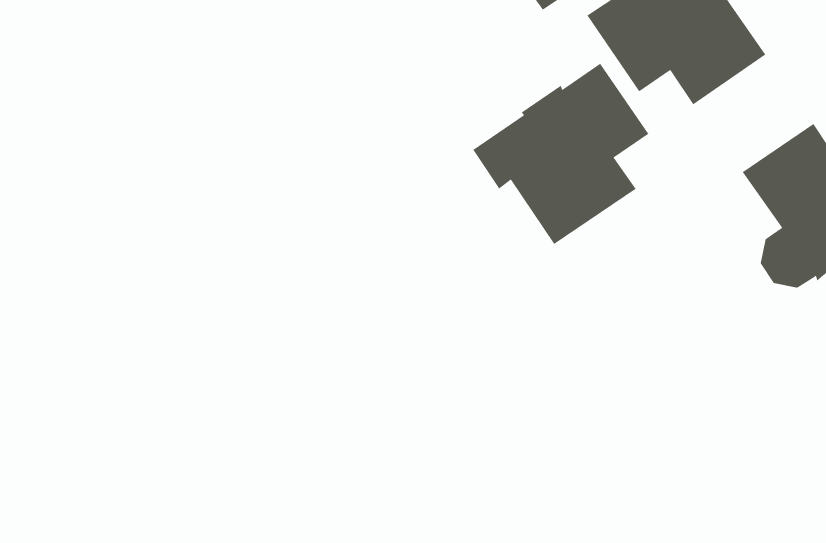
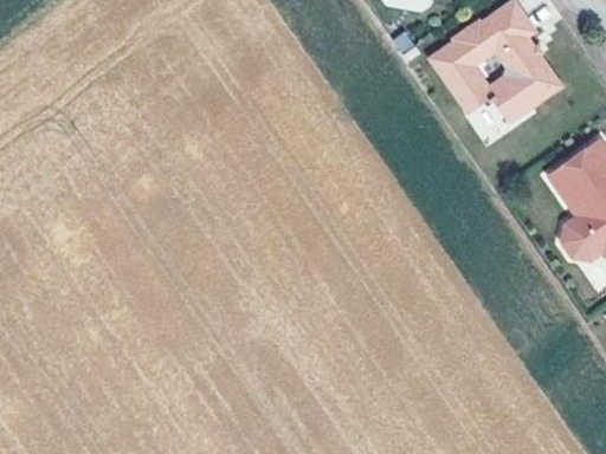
building: [472,63,649,245] -> none

